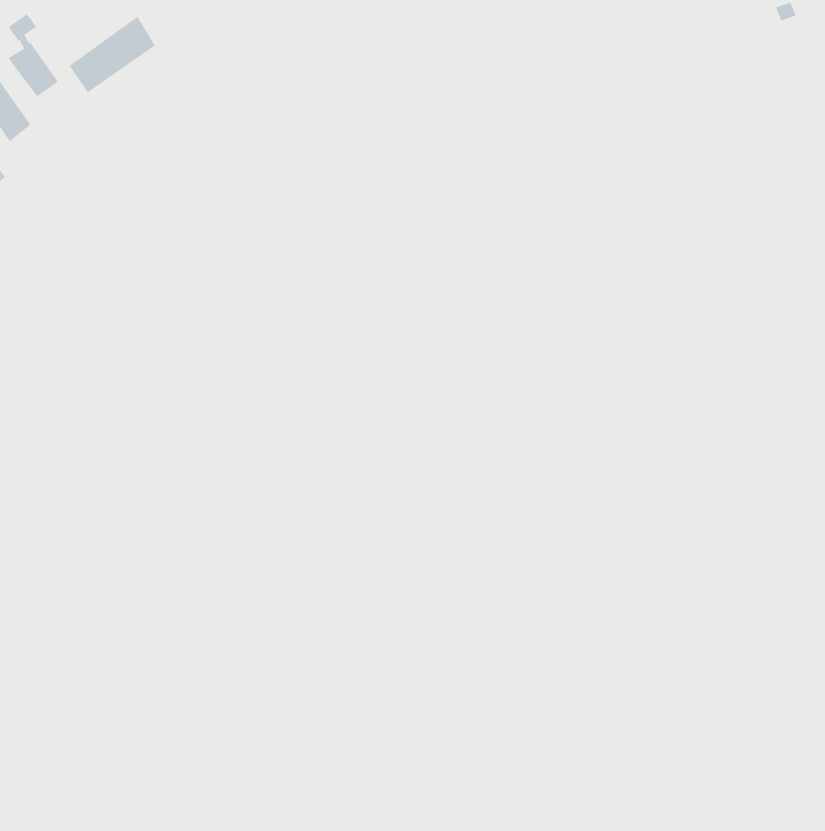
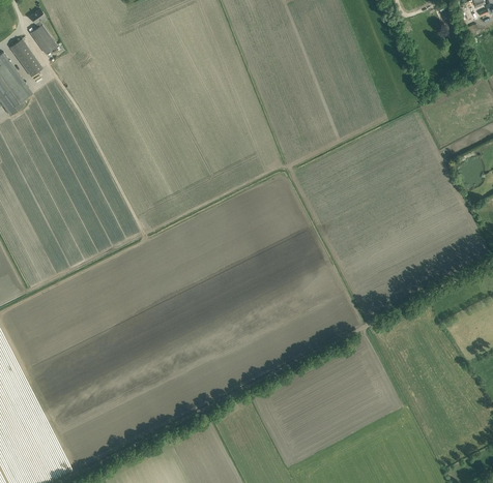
building: [69,16,155,93] -> none

